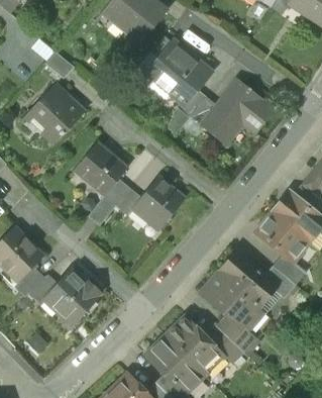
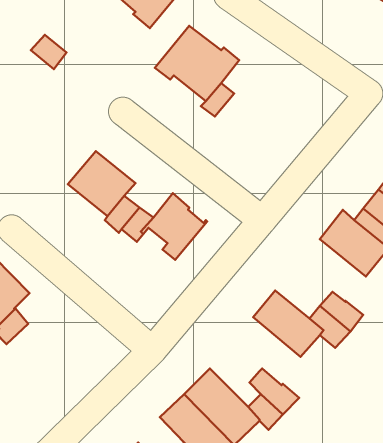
building: [201,81,273,142] -> none
building: [28,84,81,141] -> none
building: [255,213,308,263] -> none
building: [43,268,98,322] -> none
building: [202,275,258,328] -> none

